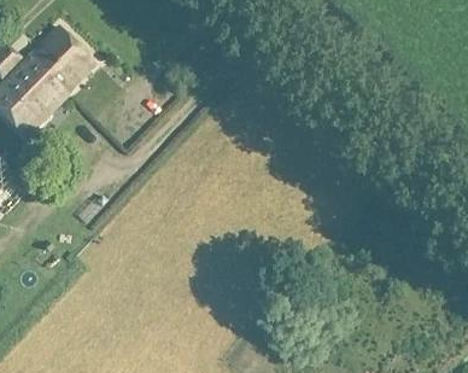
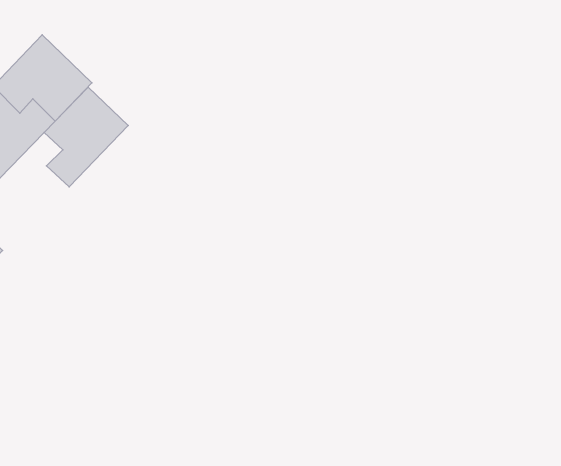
building: none -> [44,87,128,187]

